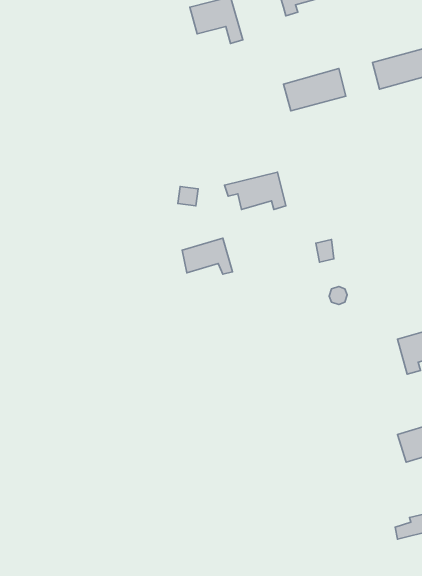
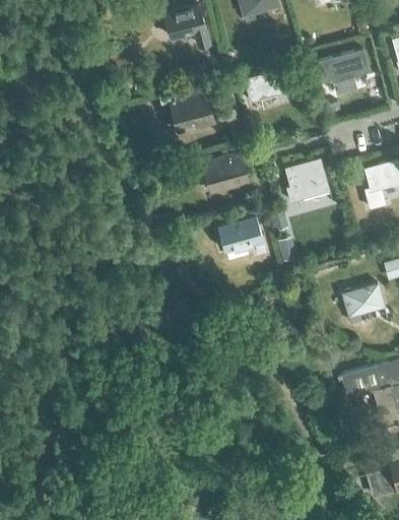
building: none -> [158,91,214,133]
building: none -> [285,160,328,203]
building: [182,238,233,274] -> [221,216,264,247]

